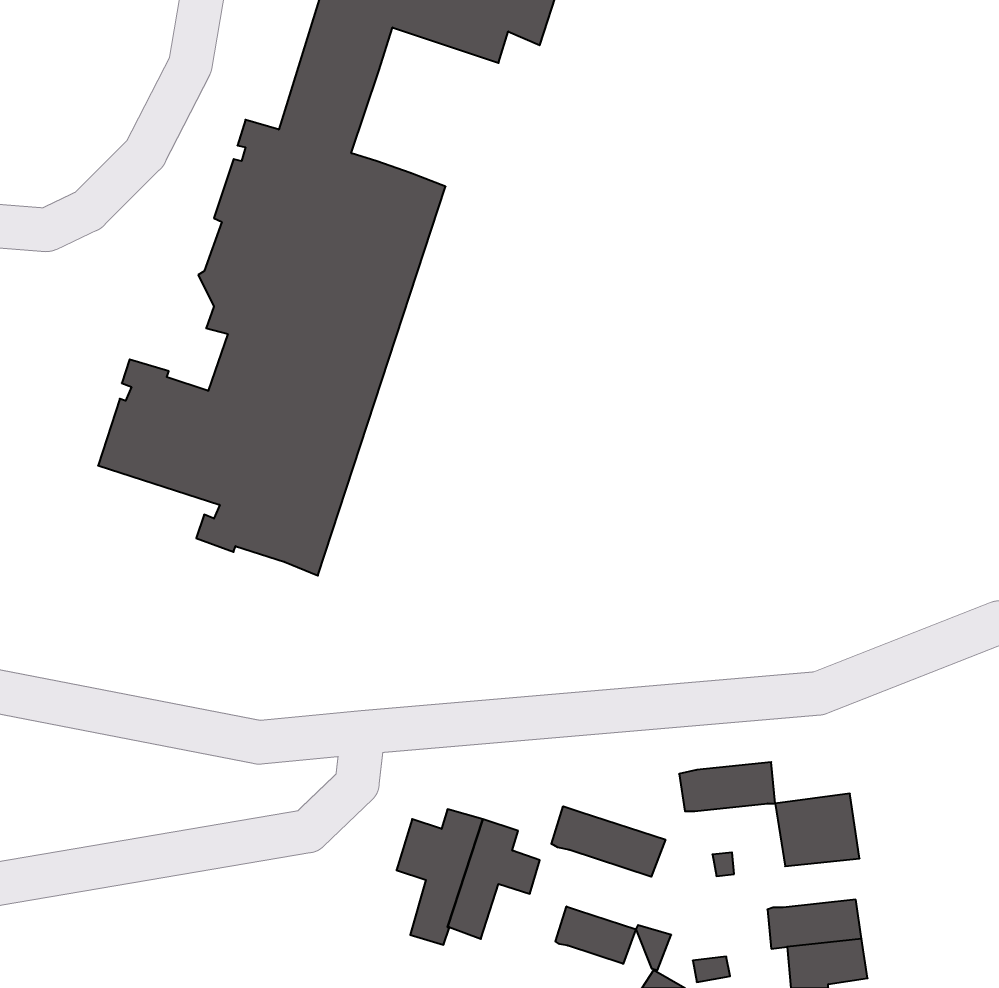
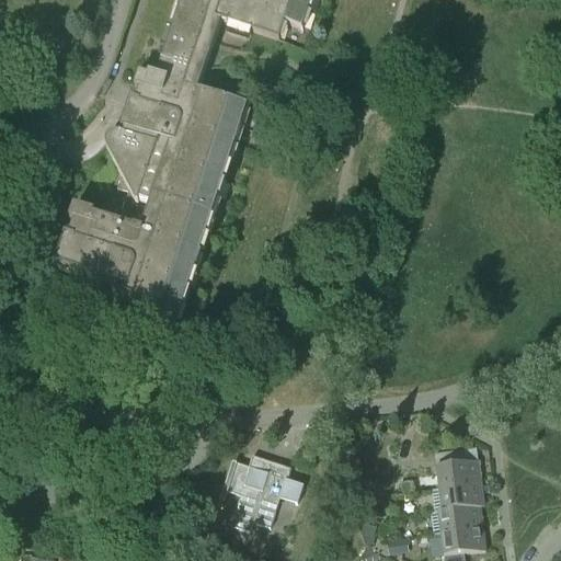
building: [679,762,775,811] -> [428,479,482,506]
building: [551,806,665,877] -> none
building: [555,906,636,964] -> none

